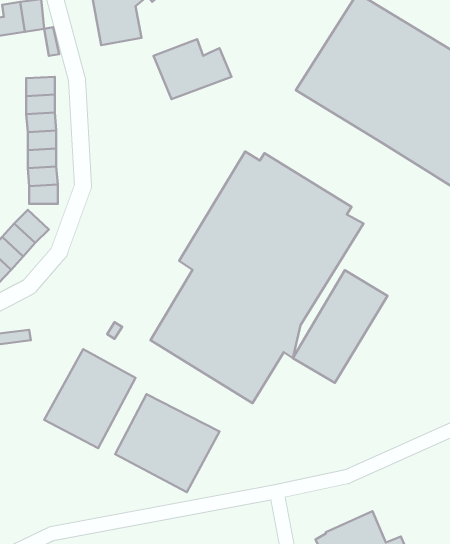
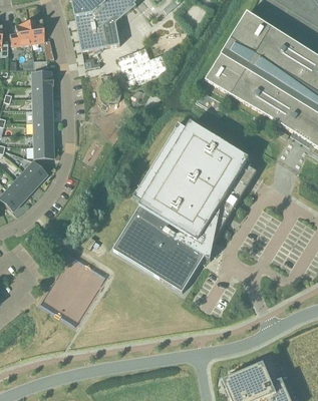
building: [293,270,387,383] -> none
building: [115,394,220,492] -> none

